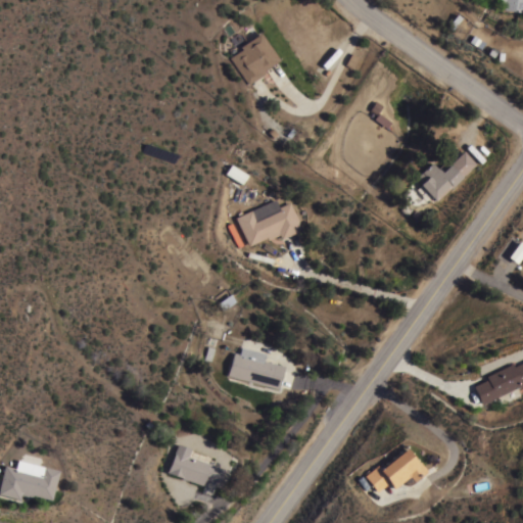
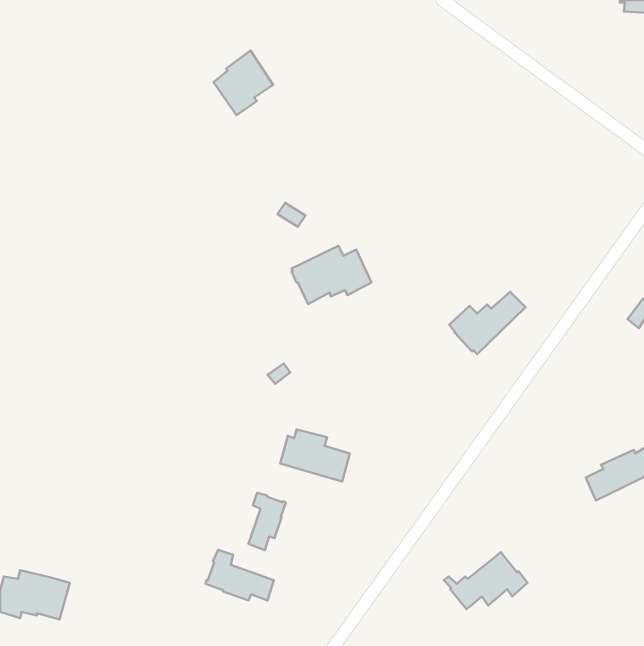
building: [232,33,280,85] -> [214,51,273,115]
building: [417,151,478,201] -> [449,292,525,354]
building: none -> [248,493,286,550]

